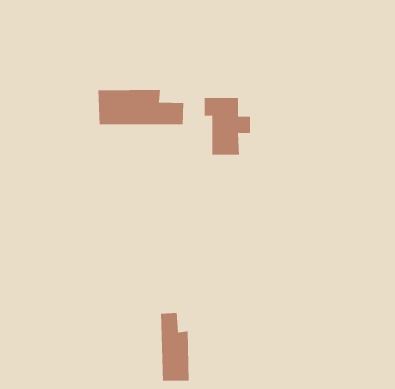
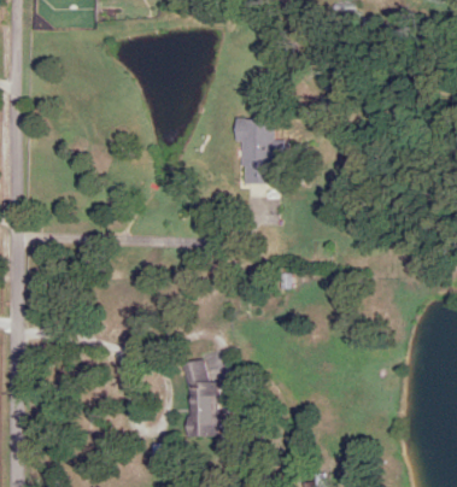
building: [98,89,184,125] -> none

